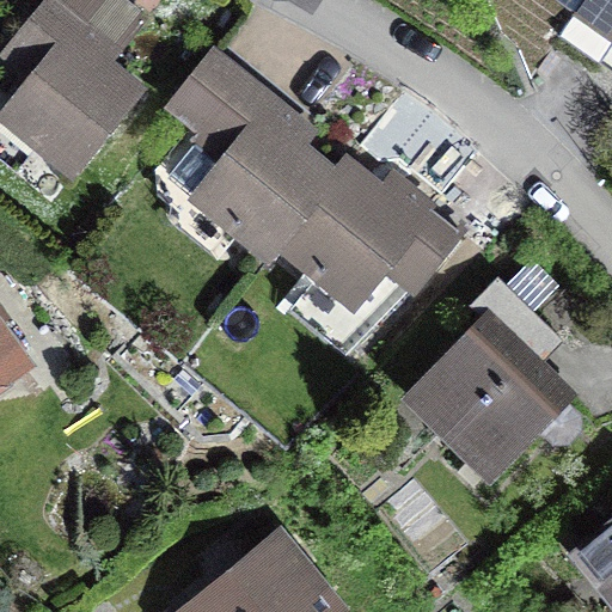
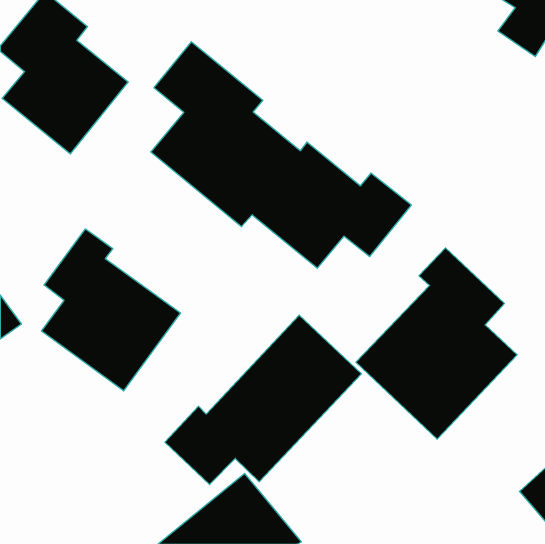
building: none -> [41,229,181,391]
building: none -> [165,315,361,485]

